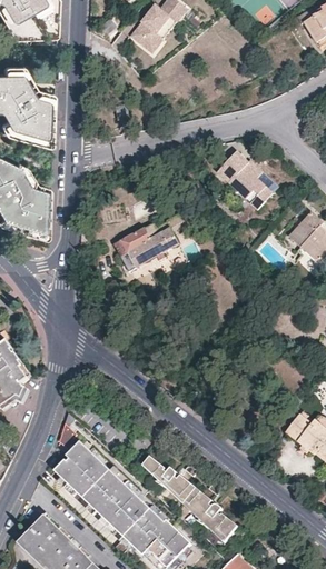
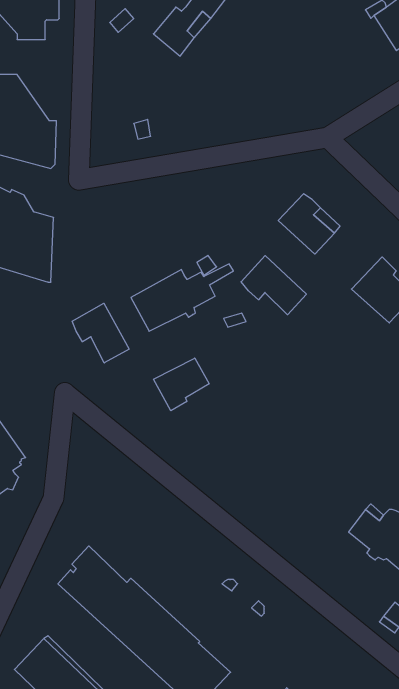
building: [217,152,248,184] -> none
building: none -> [241,256,306,315]
building: none -> [72,303,129,363]
building: none -> [154,358,209,411]
building: [141,457,235,540] -> none

